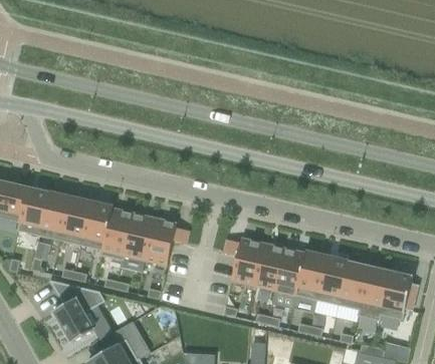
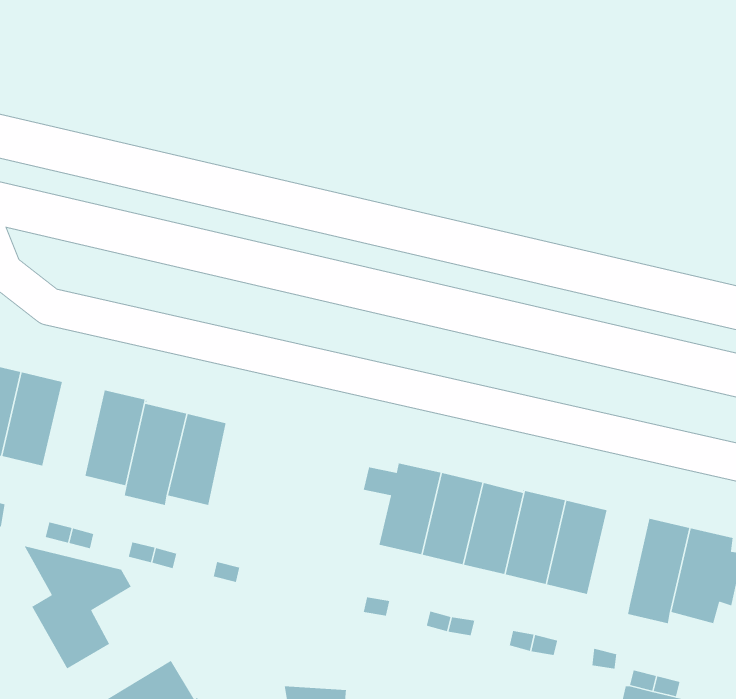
building: [60,197,91,245] -> none
building: [145,218,189,265] -> none
building: [338,262,369,310] -> none

